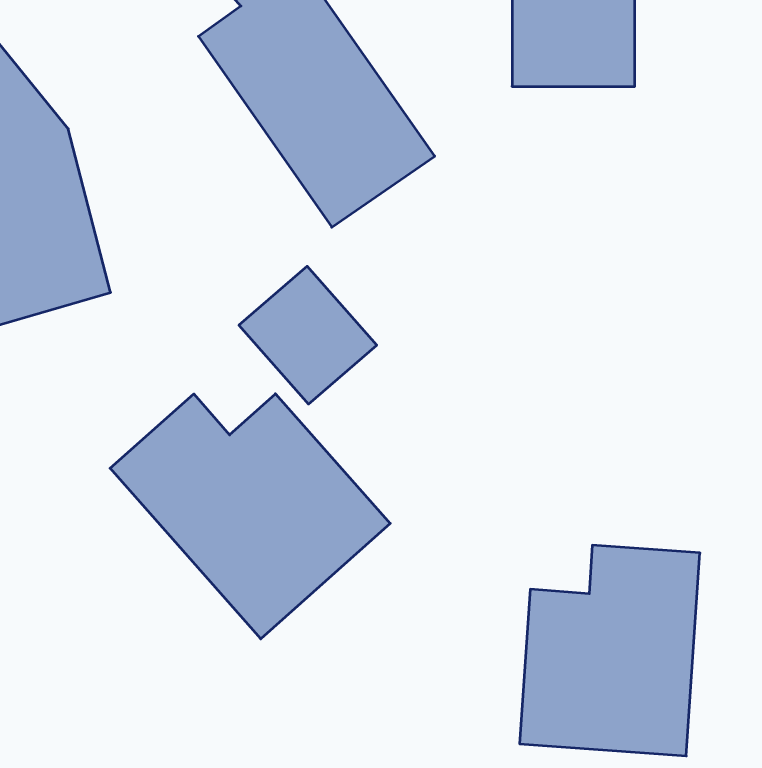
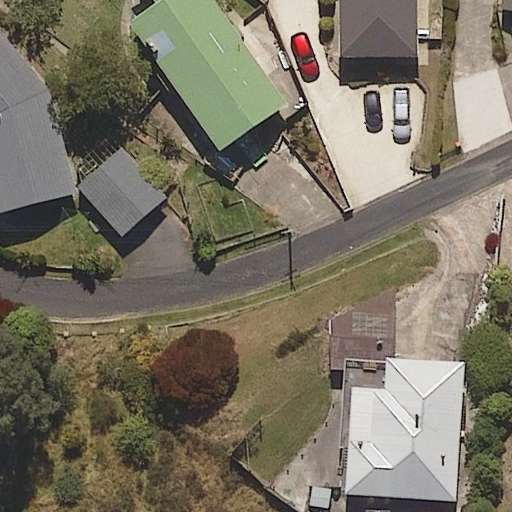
building: [239,266,377,404] -> [71,143,162,234]
building: [110,394,390,639] -> none

